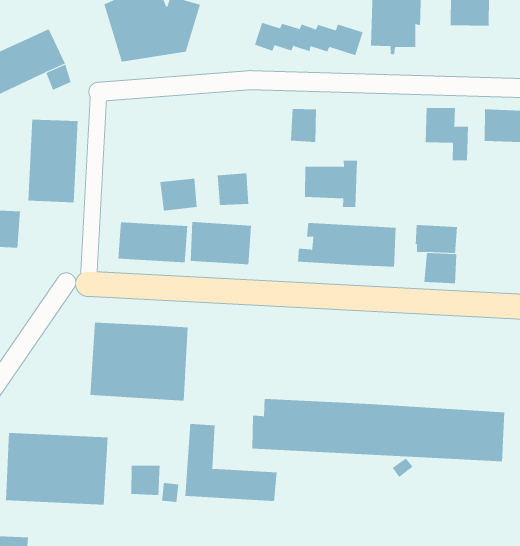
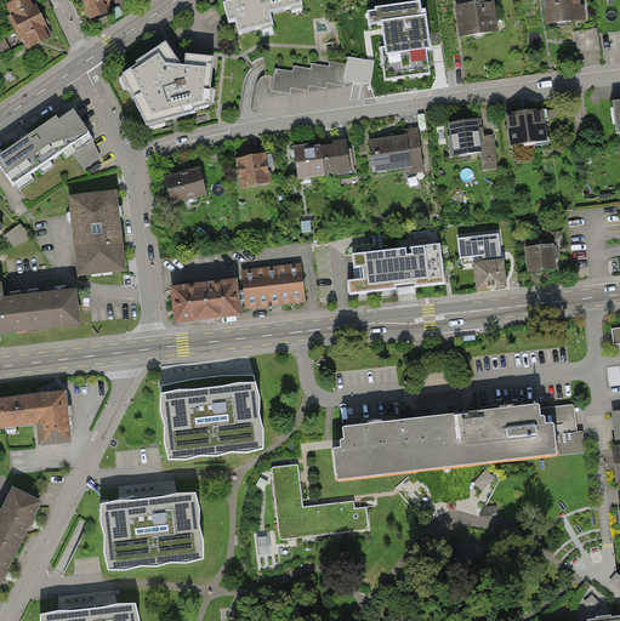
building: none -> [294,143,323,178]
building: [304,160,358,207] -> [368,126,425,175]
building: [217,173,249,205] -> [235,152,272,188]
building: [159,178,198,211] -> [164,166,205,204]
building: none -> [523,241,557,272]
building: [131,465,160,496] -> none

